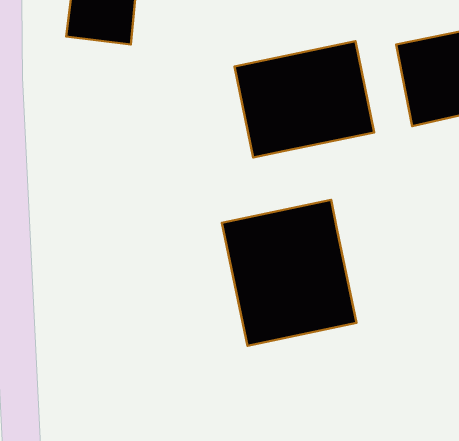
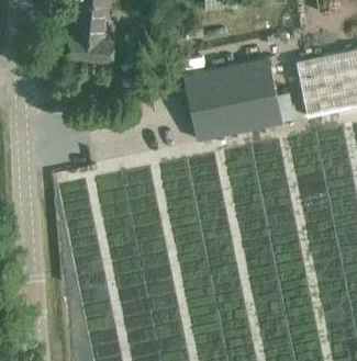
building: [222,200,357,346] -> none

